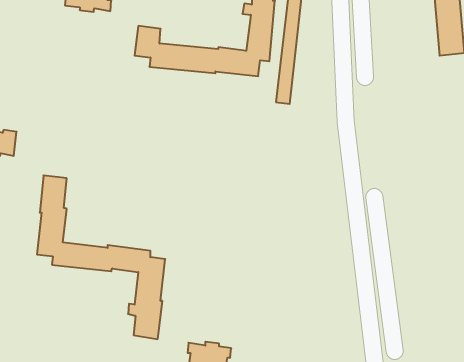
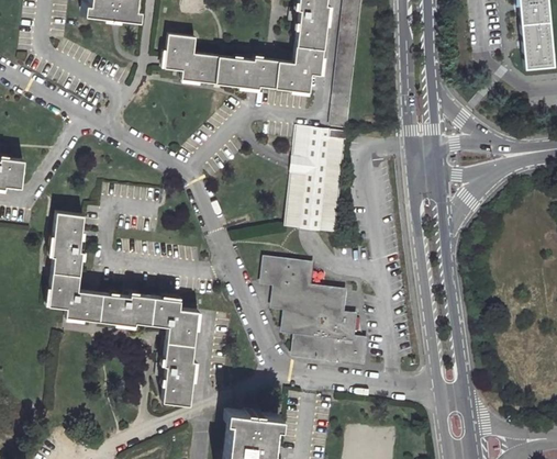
building: none -> [286,125,348,233]
building: none -> [264,259,365,365]

